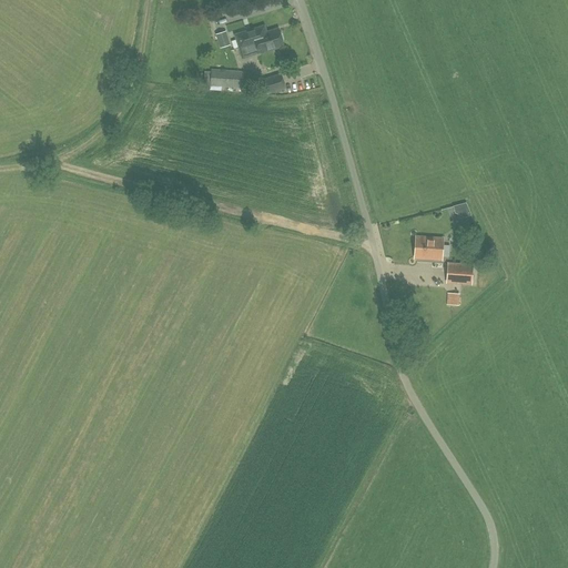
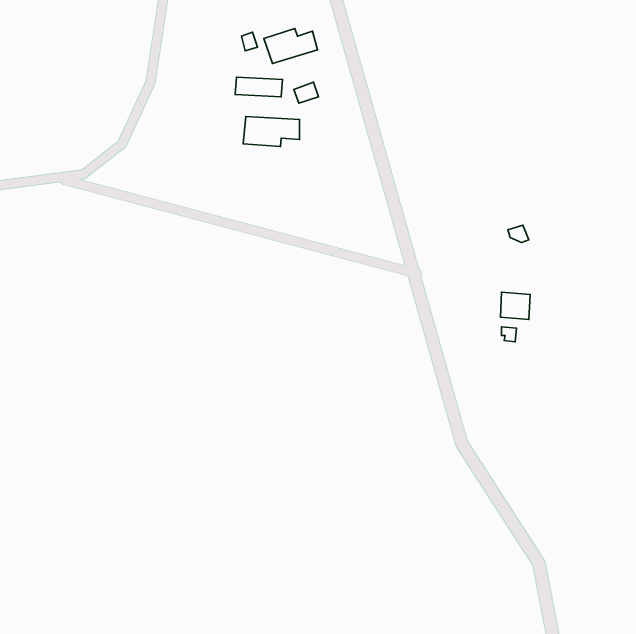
building: none -> [243,117,300,146]
building: [415,236,443,258] -> none

